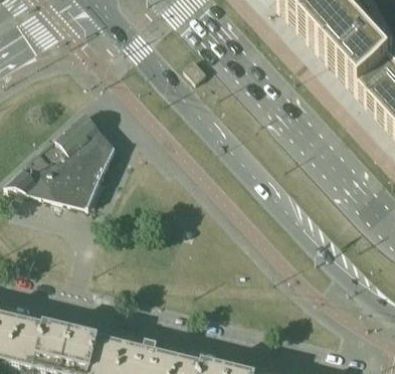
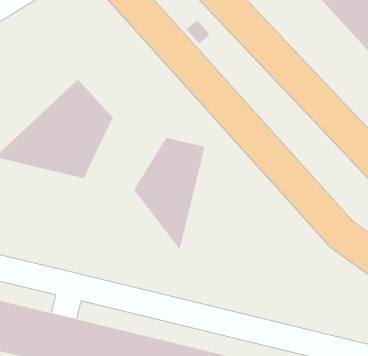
building: none -> [134,137,205,250]

